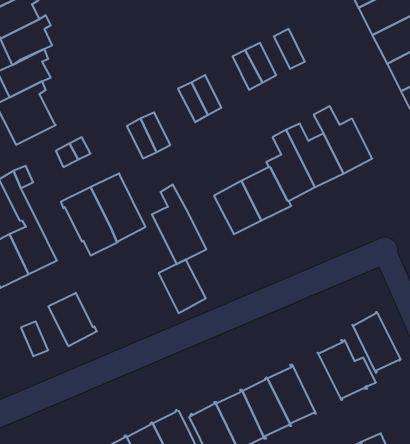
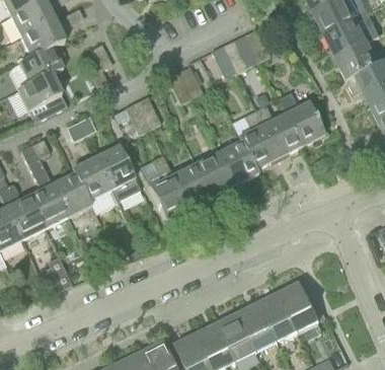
building: [159,259,206,313] -> [172,164,211,208]
building: [48,293,97,346] -> [51,173,90,217]
building: [352,312,401,373] -> [258,292,298,342]

